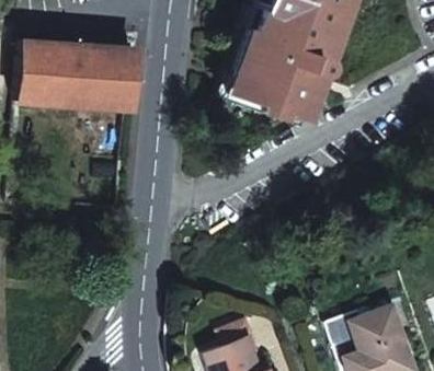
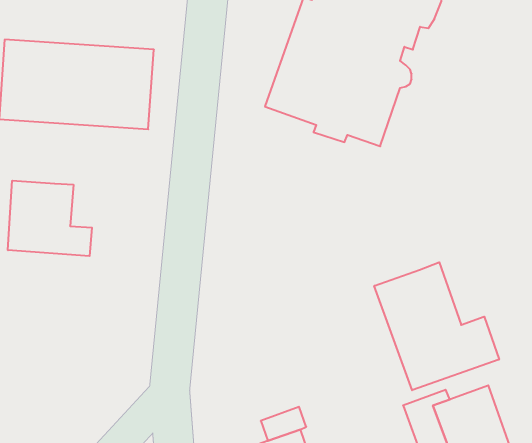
building: none -> [8,181,92,256]
building: none -> [374,262,499,390]

